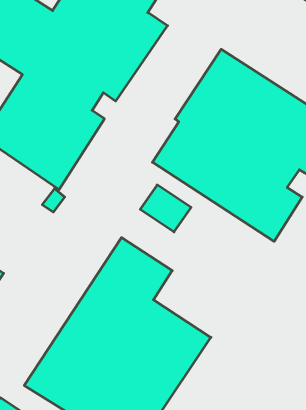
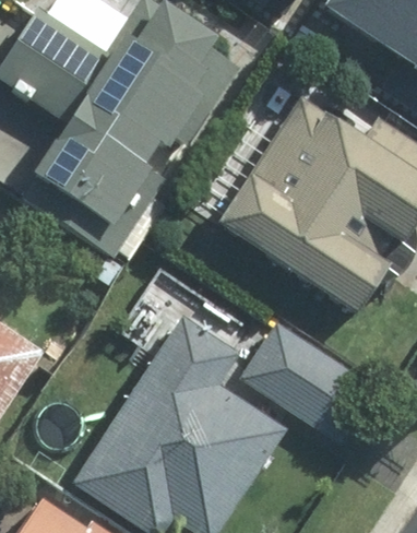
building: none -> [237,315,379,443]

